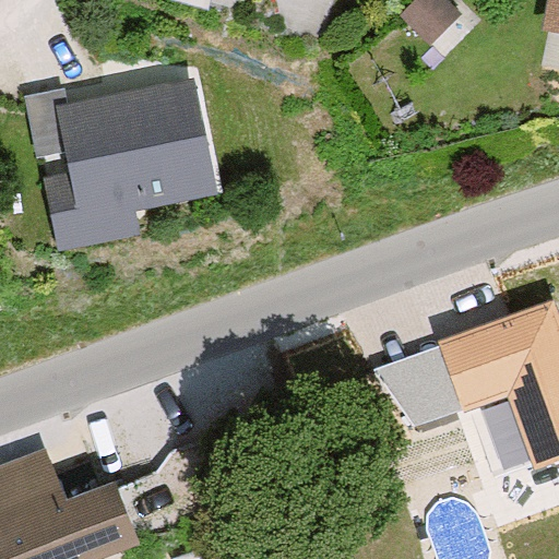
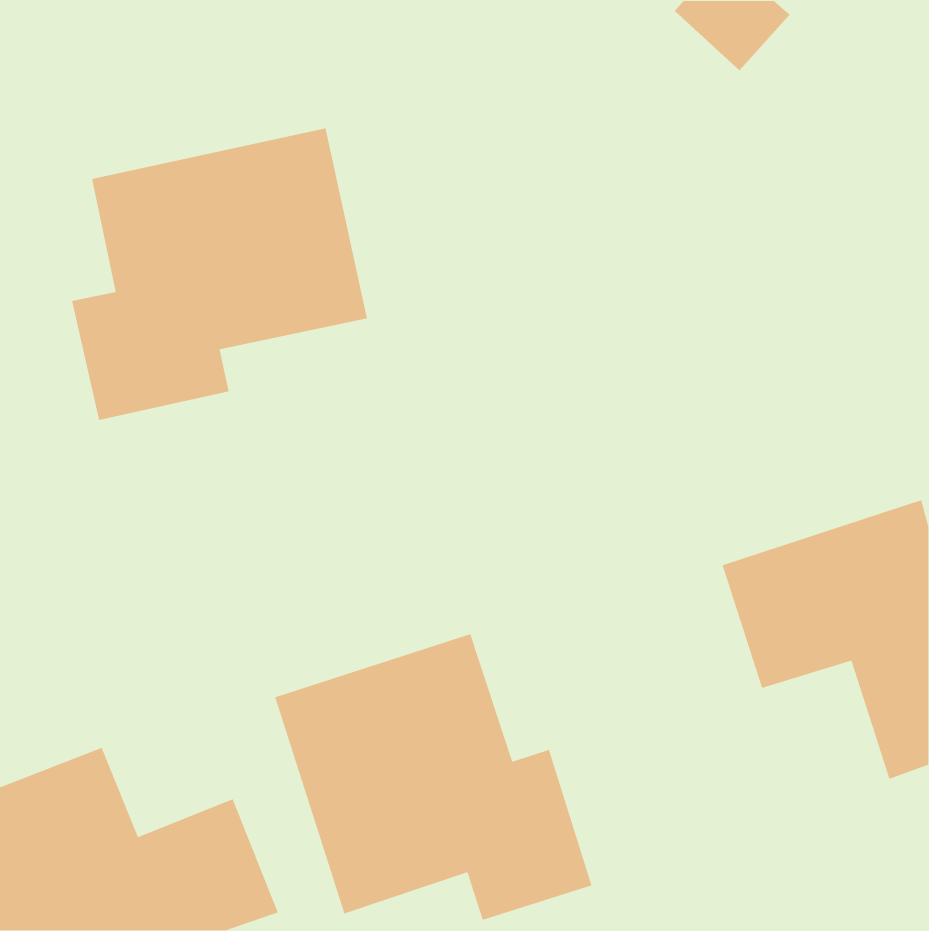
building: [374,348,456,432] -> none
building: none -> [274,633,593,921]

